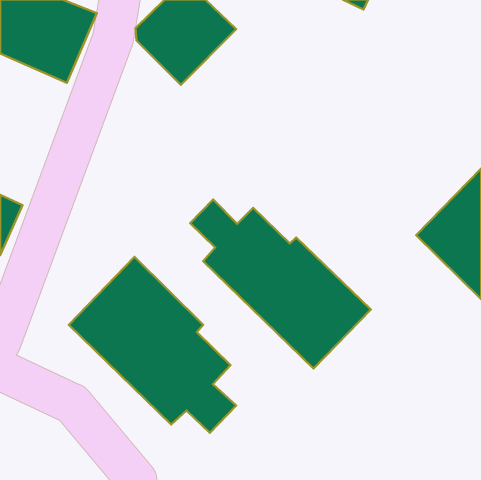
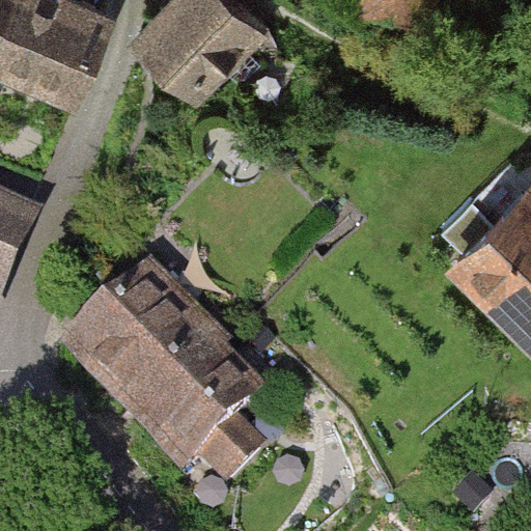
building: [190,199,371,368] -> none

